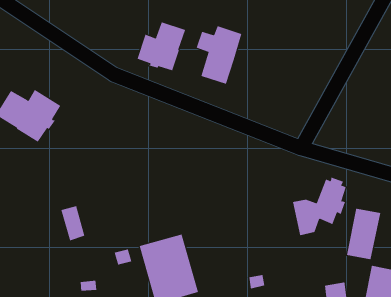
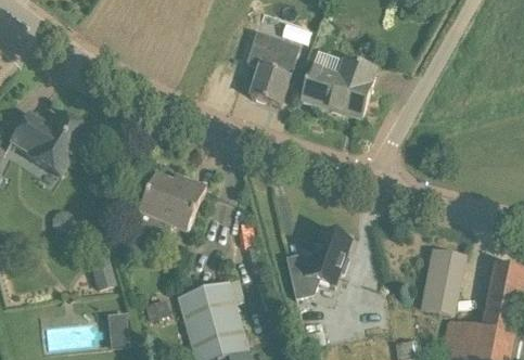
building: [137,22,186,71] -> none
building: none -> [303,48,375,116]
building: none -> [133,172,206,235]
building: [292,177,347,236] -> [286,227,350,296]

